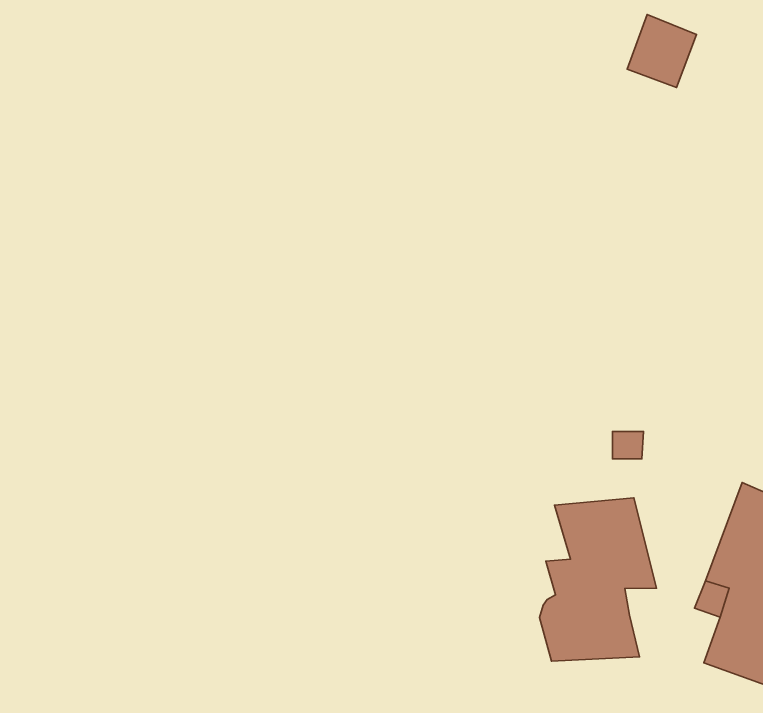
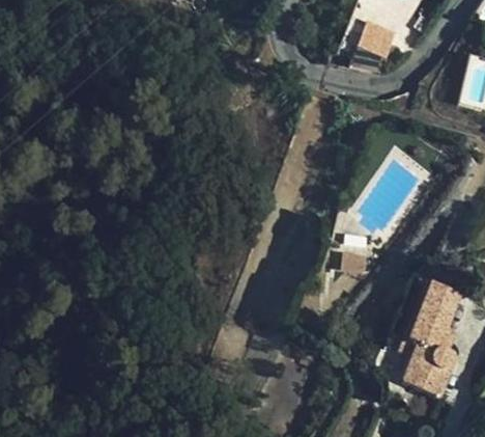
building: [540,498,656,661] -> none

